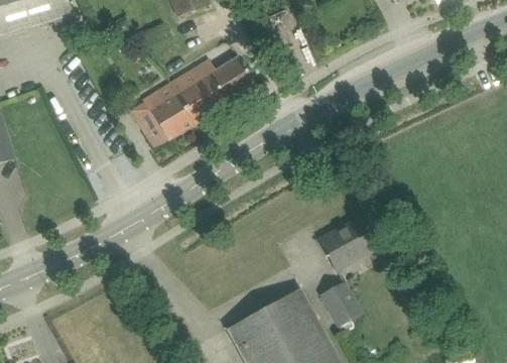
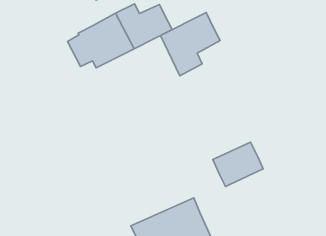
building: none -> [160,12,220,76]
building: [321,282,361,327] -> none

